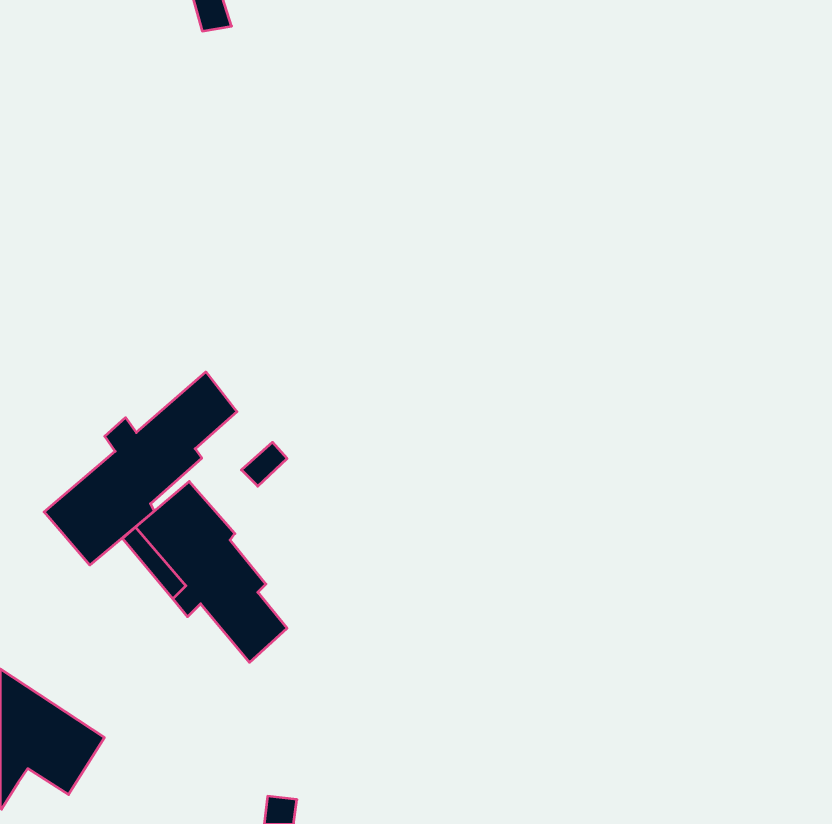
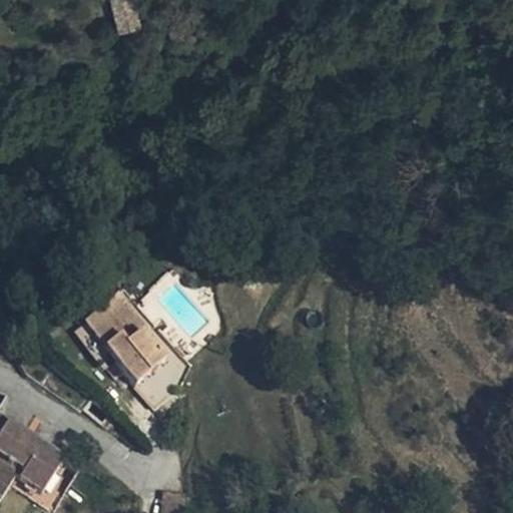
building: [44,372,237,565] -> none

